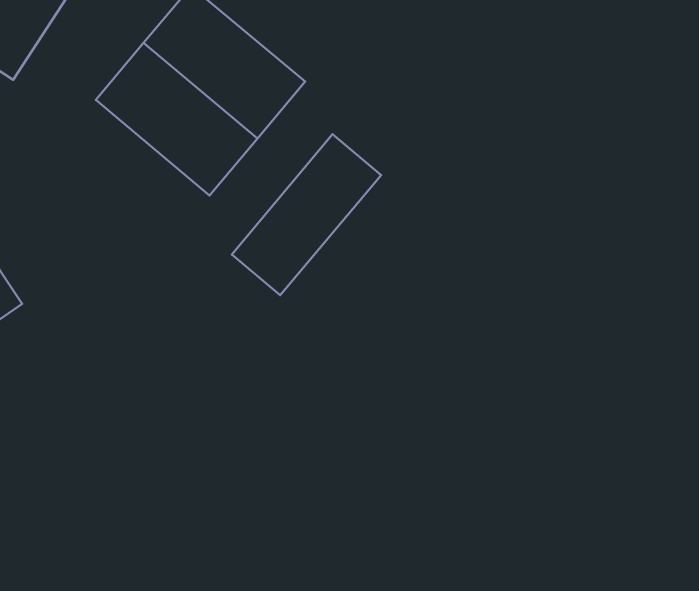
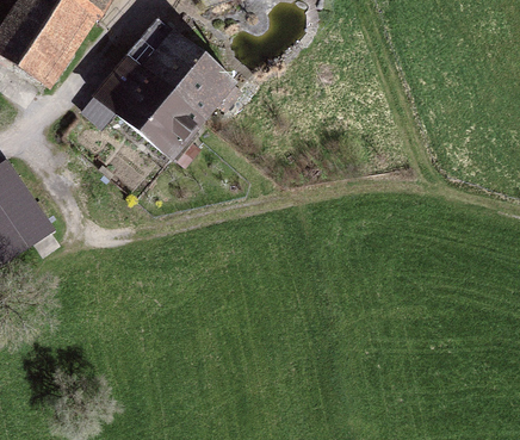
building: [232,134,381,295] -> none

